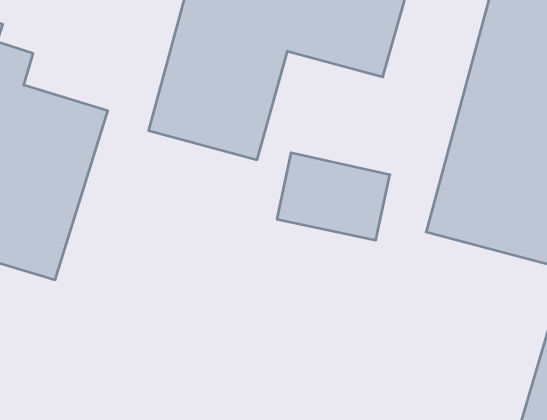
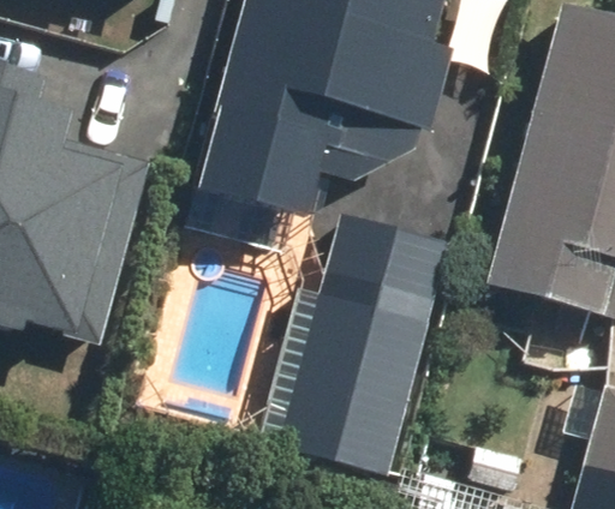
building: none -> [269,295,431,475]

